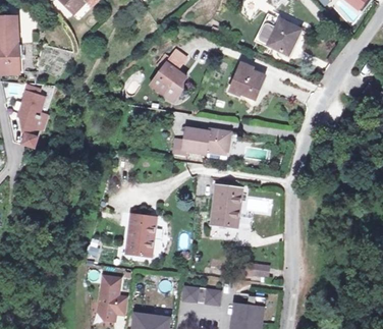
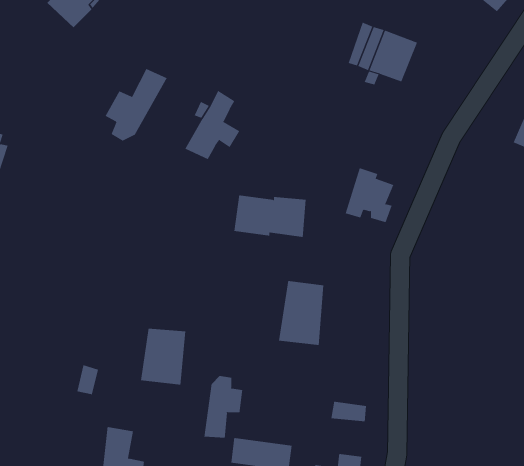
building: none -> [105,68,168,141]
building: [225,61,257,97] -> [345,167,394,223]
building: none -> [204,375,243,438]

